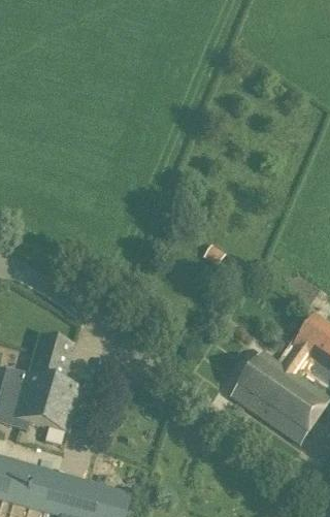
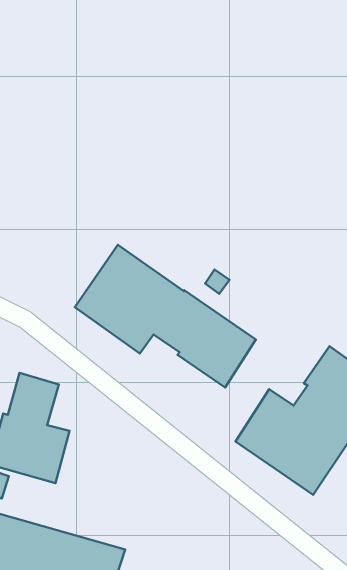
building: none -> [75,245,256,388]

